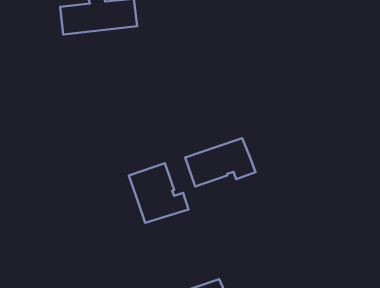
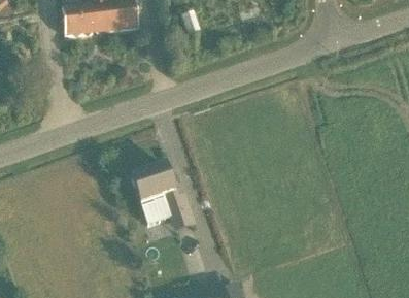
building: [185,138,256,187] -> none

